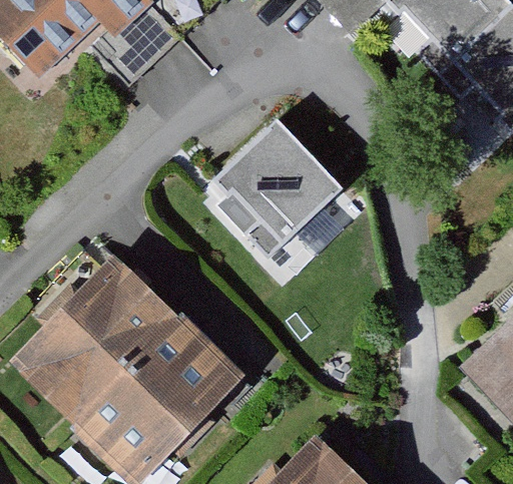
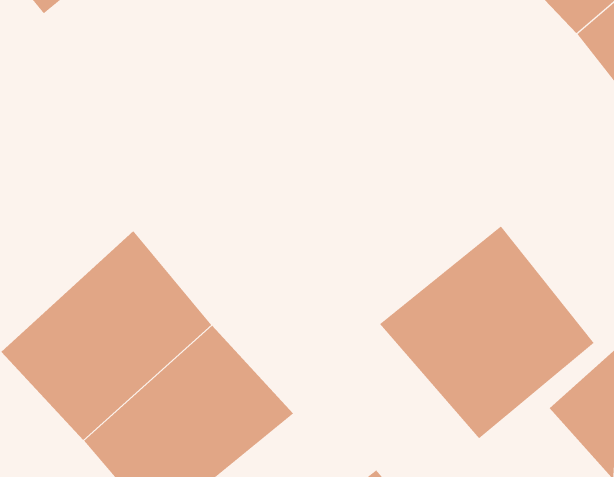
building: [200,119,355,275] -> none
building: none -> [379,225,595,439]

